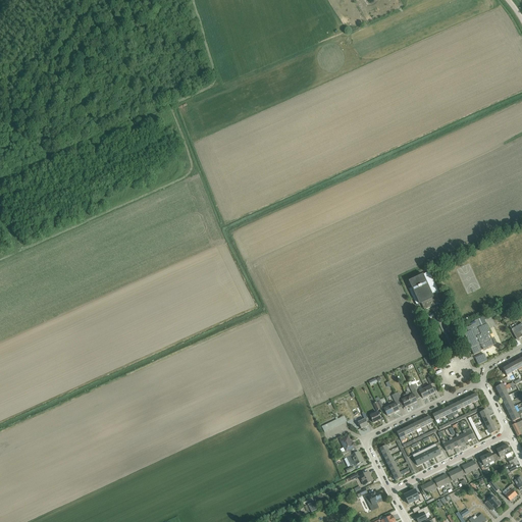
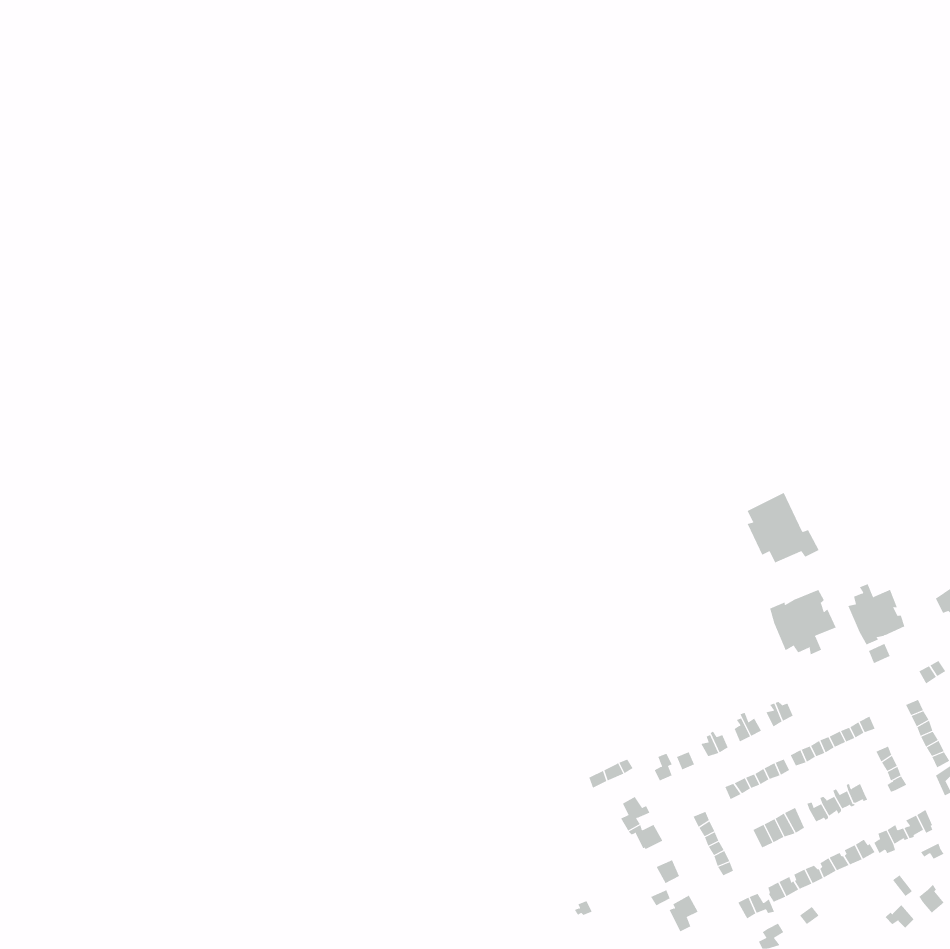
building: none -> [769,589,836,655]

